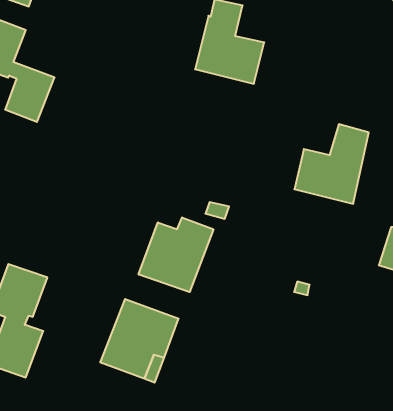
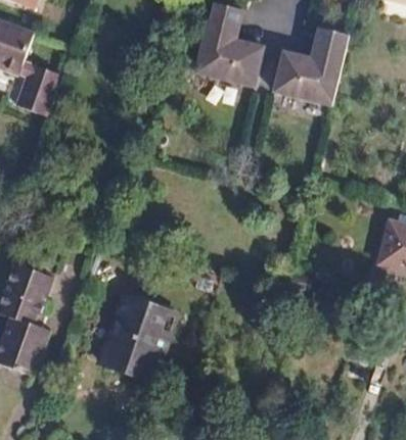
building: [294,124,369,204] -> [275,23,349,102]
building: [139,217,213,292] -> none

